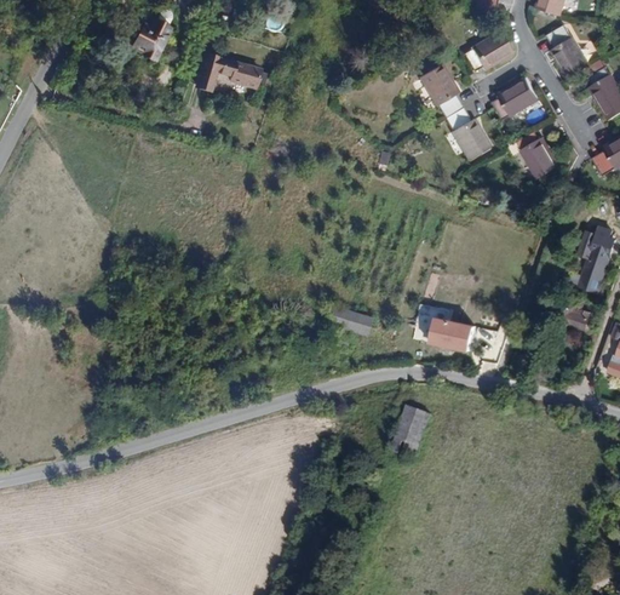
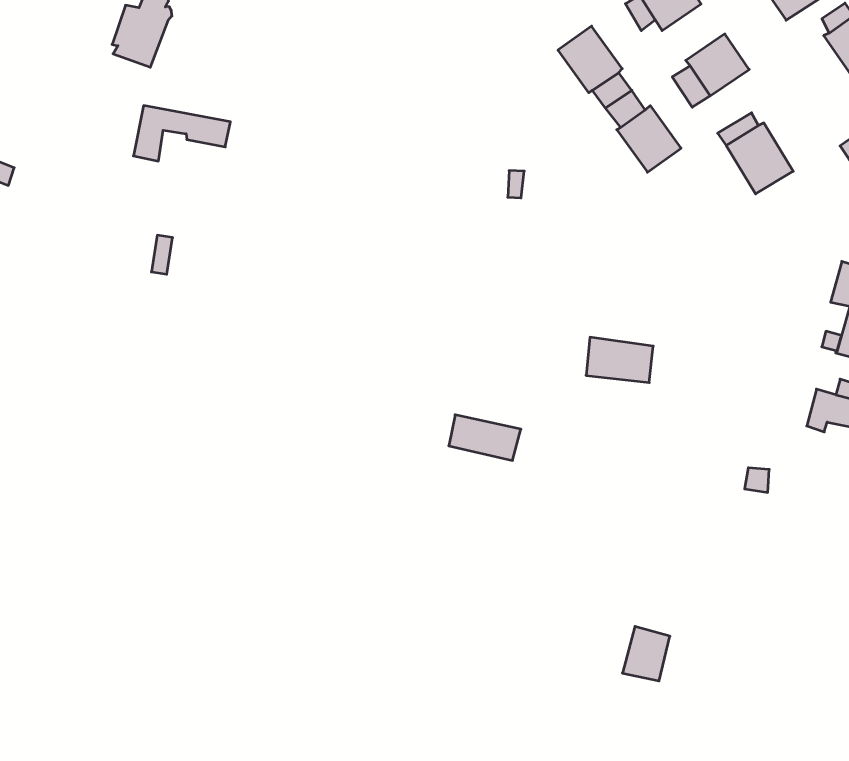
building: [197,56,262,92] -> [133,106,230,161]
building: [429,317,473,350] -> [586,337,653,383]
building: [396,408,429,445] -> [622,626,670,681]

